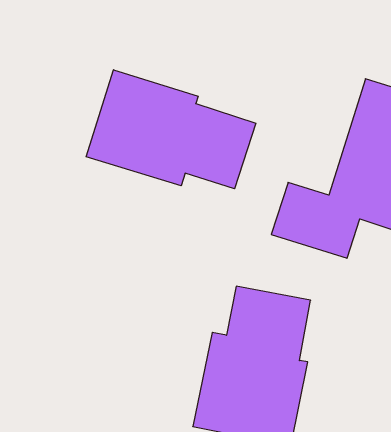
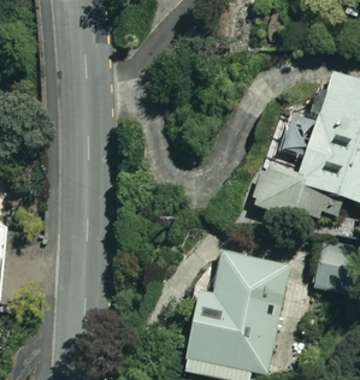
building: [86,70,256,189] -> none

